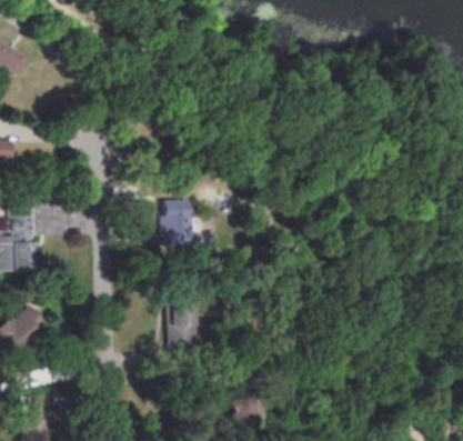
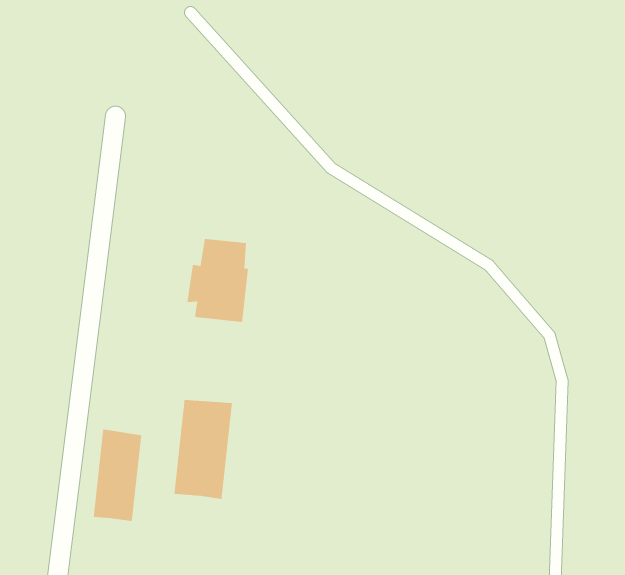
building: none -> [93,429,142,522]

